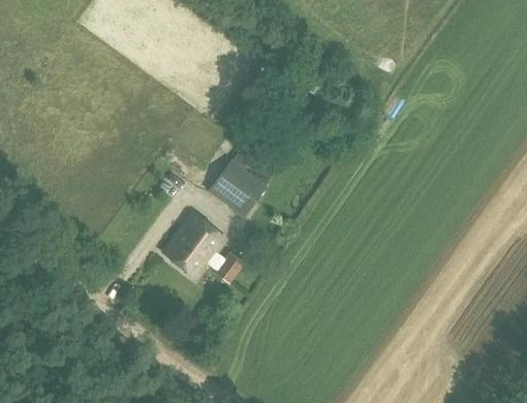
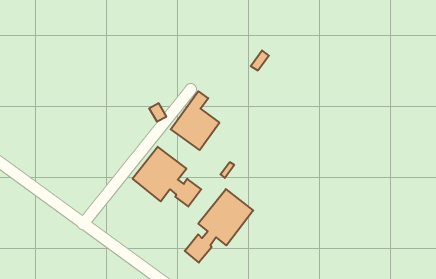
building: none -> [185,189,253,263]

